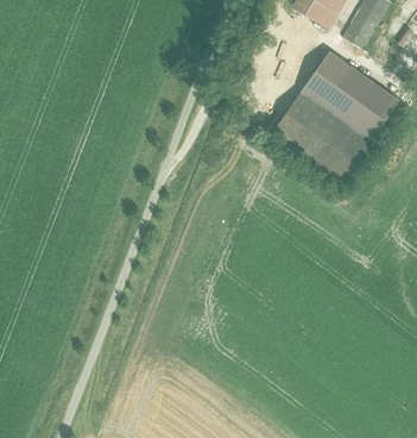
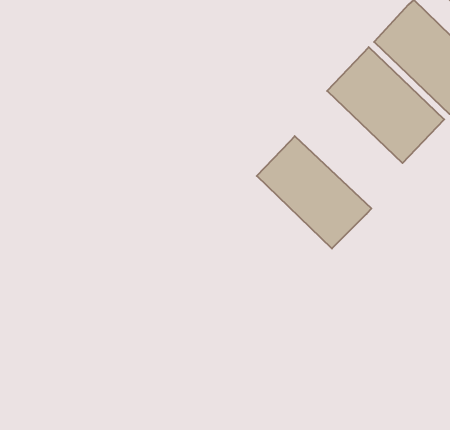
building: none -> [257,136,371,249]

